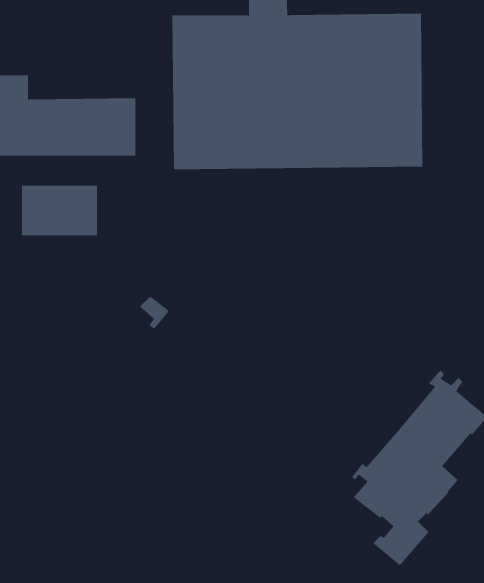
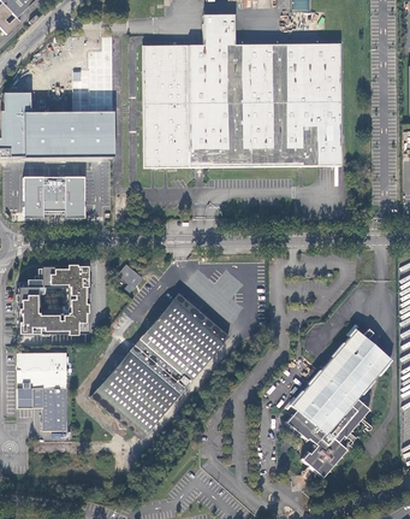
building: none -> [18,266,88,334]
building: none -> [90,293,230,438]
building: none -> [16,352,66,430]

